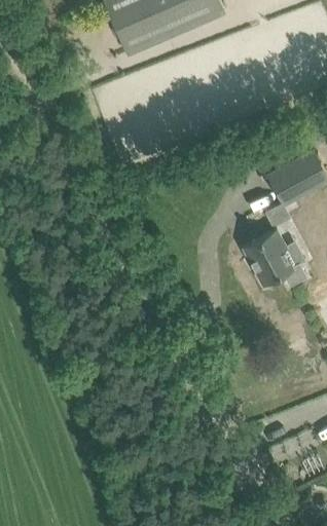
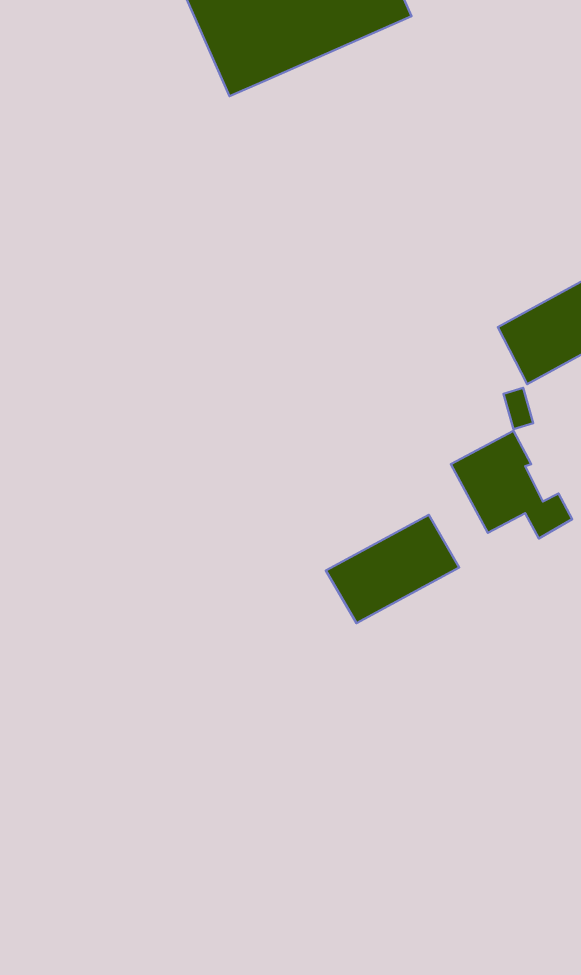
building: none -> [326,515,459,623]

